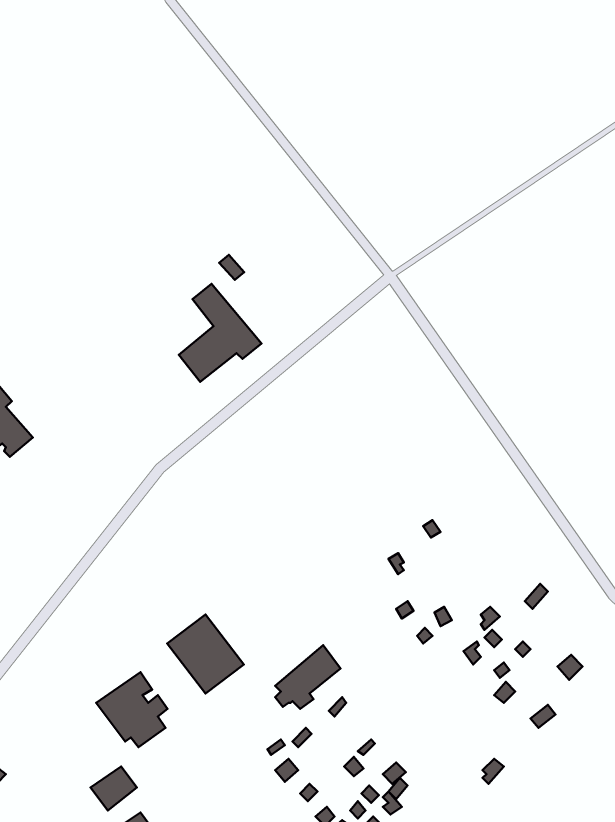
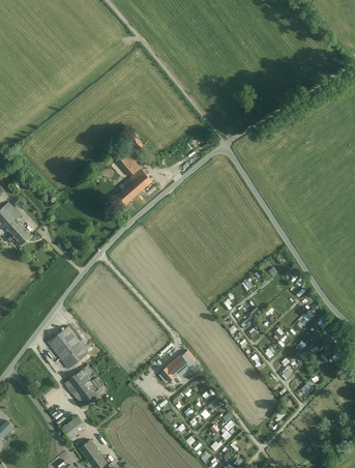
building: [167,615,244,693] -> [49,325,90,368]

